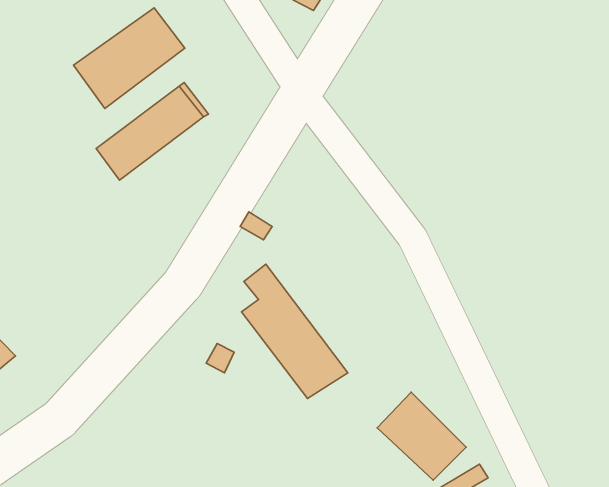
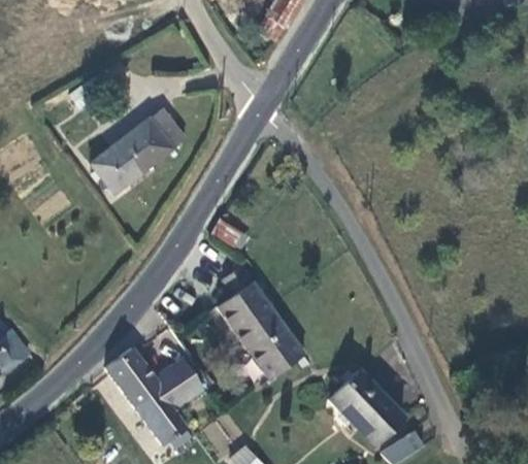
building: [73,8,185,108] -> none
building: none -> [105,344,199,438]

